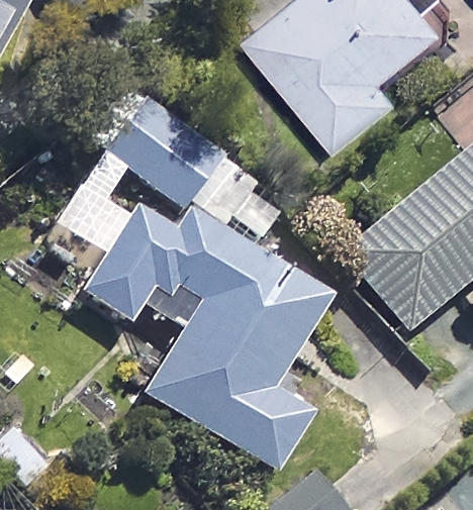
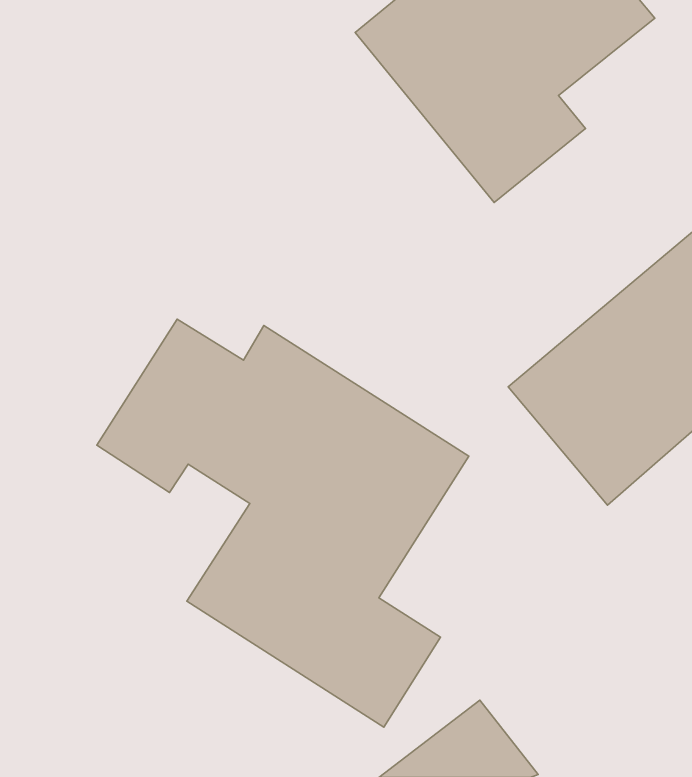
building: [107,84,220,208] -> none

